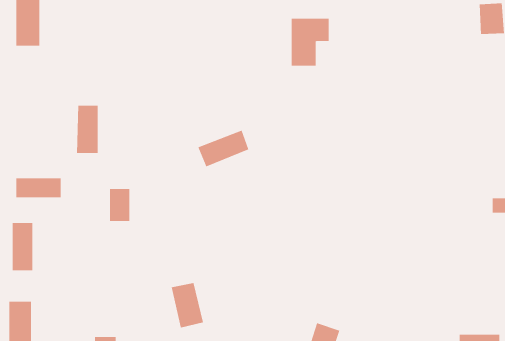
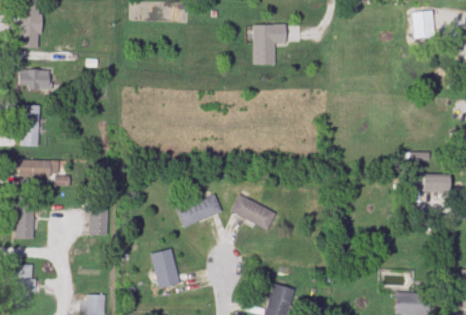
building: none -> [20,70,50,87]
building: [76,105,99,153] -> [20,105,39,146]
building: [198,130,249,167] -> [177,195,221,227]
building: [109,189,130,222] -> [89,206,107,234]
building: none -> [231,195,276,229]

